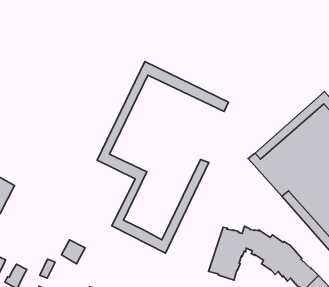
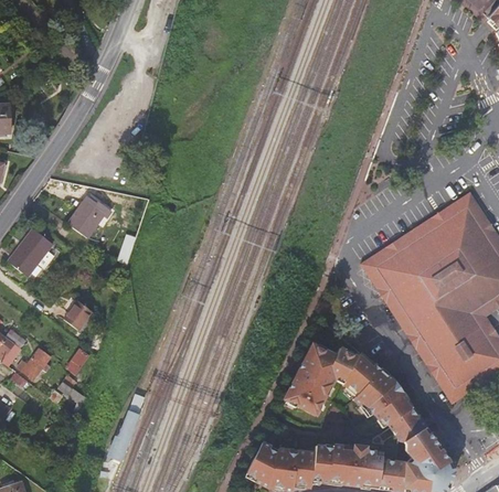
building: [97,62,228,253] -> none
building: none -> [62,197,98,235]
building: [61,240,85,264] -> [62,300,94,332]

